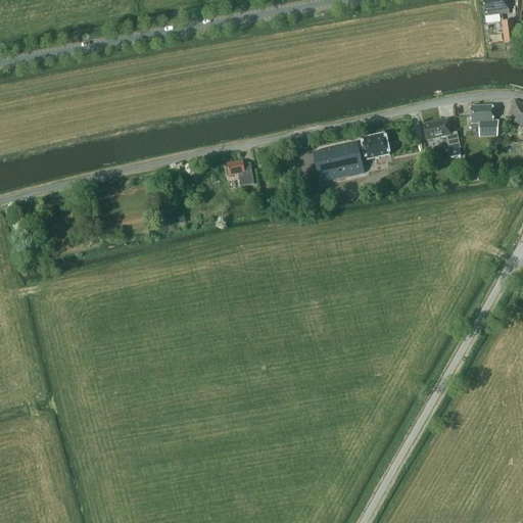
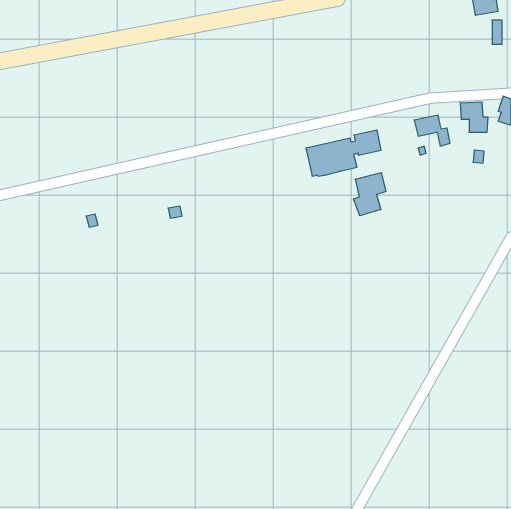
building: [227,159,254,185] -> none
building: none -> [354,173,386,216]

